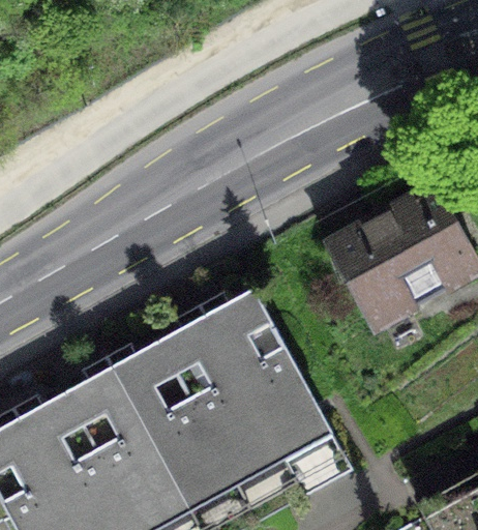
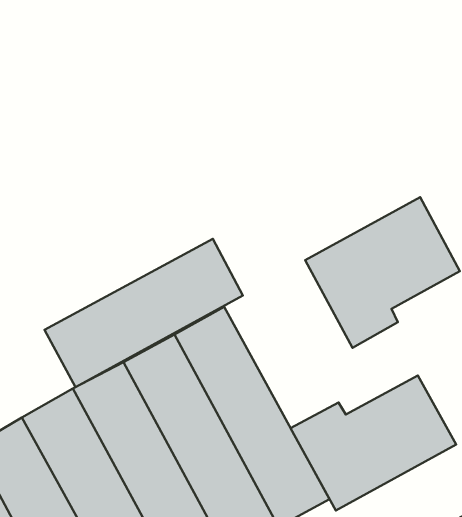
building: none -> [45,239,243,387]
building: none -> [291,375,456,510]

